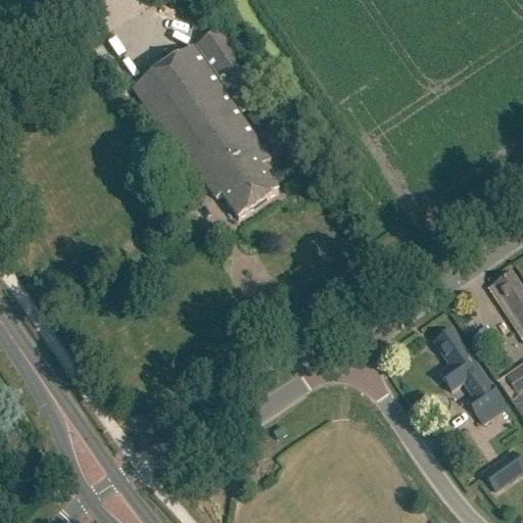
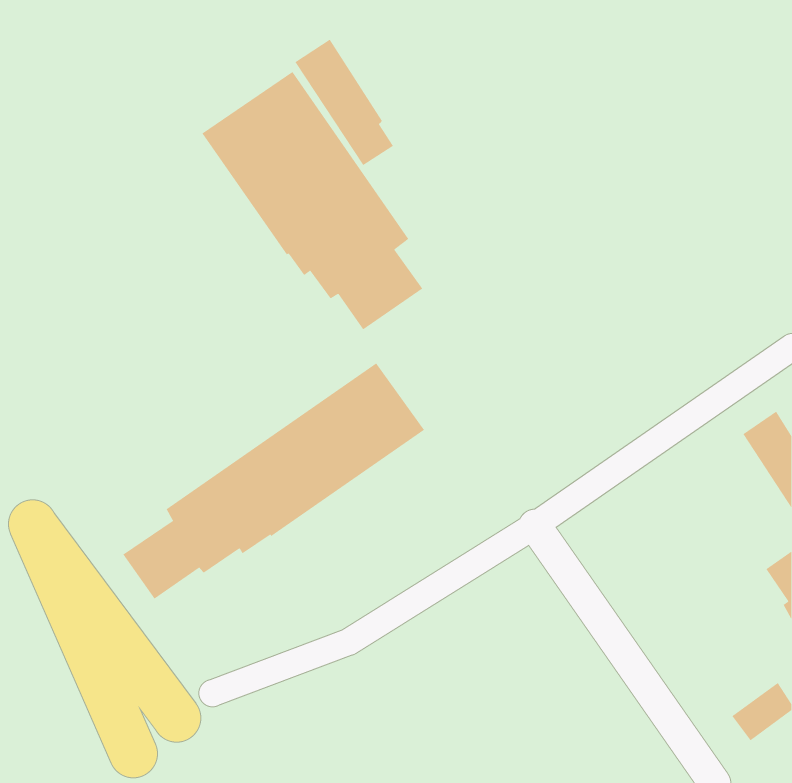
building: none -> [123,363,425,600]
building: [433,328,500,413] -> none

